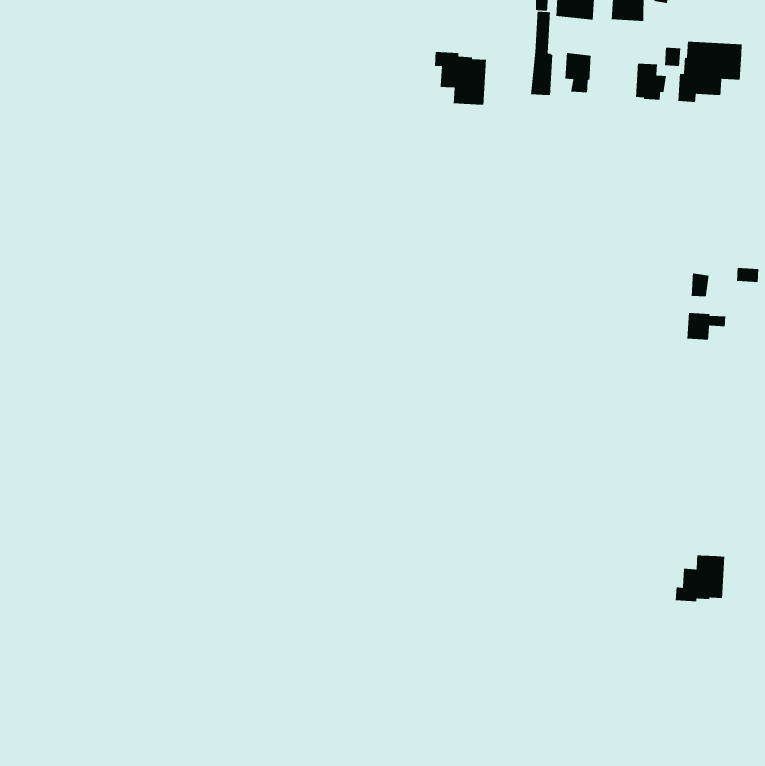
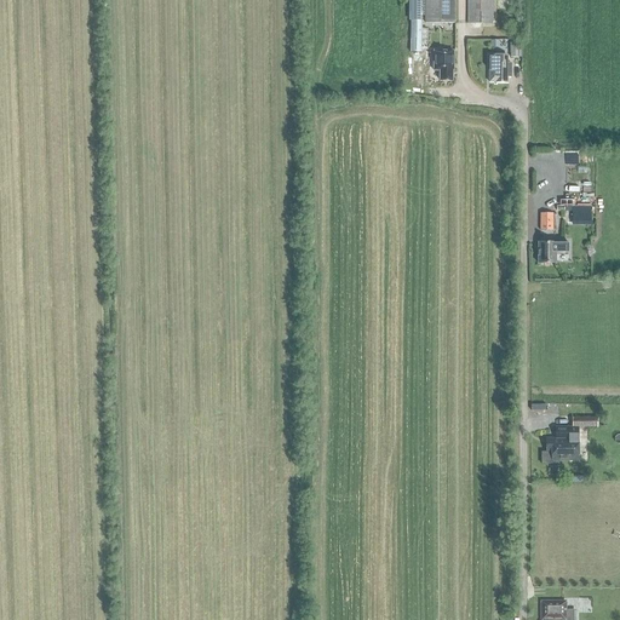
building: [677,41,743,103] -> none
building: [434,51,487,106] -> none

